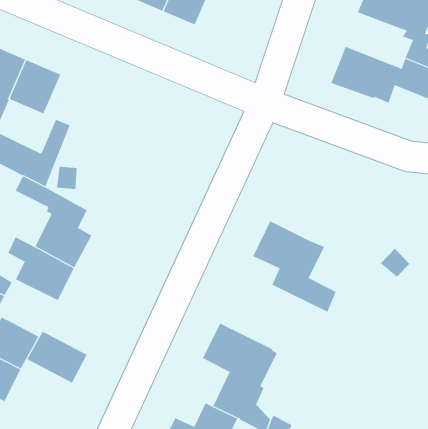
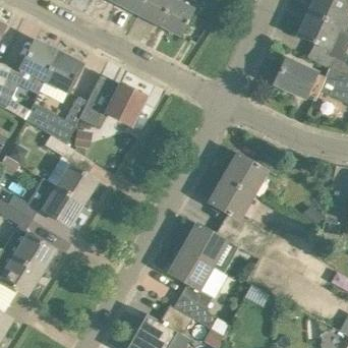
building: none -> [78,74,144,128]
building: none -> [224,153,281,194]
building: none -> [183,223,260,270]
building: [27,331,88,384] -> none

